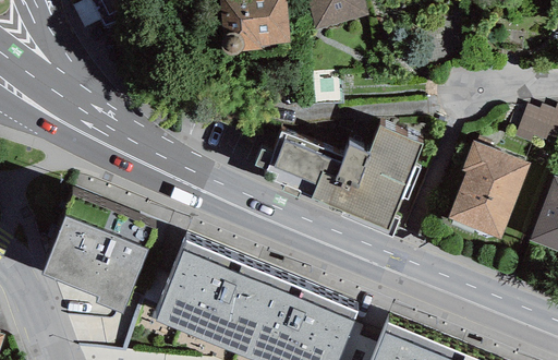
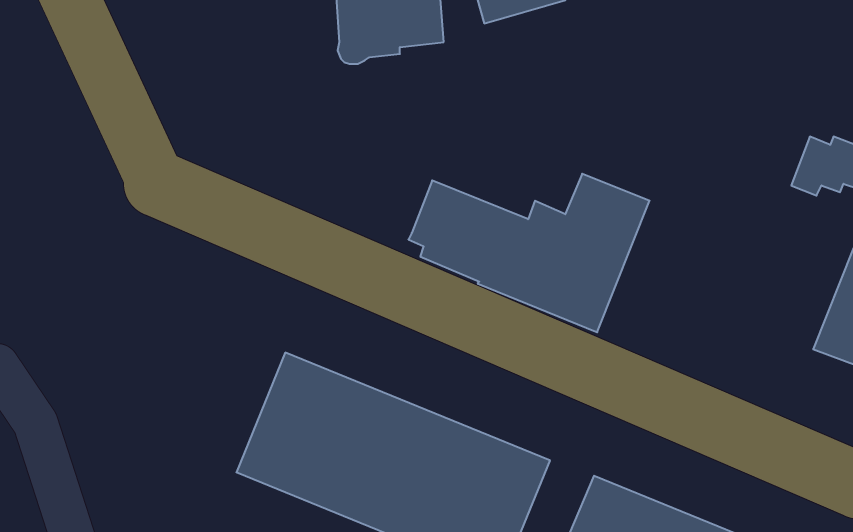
building: [448,140,531,239] -> none
building: [43,196,156,313] -> none

